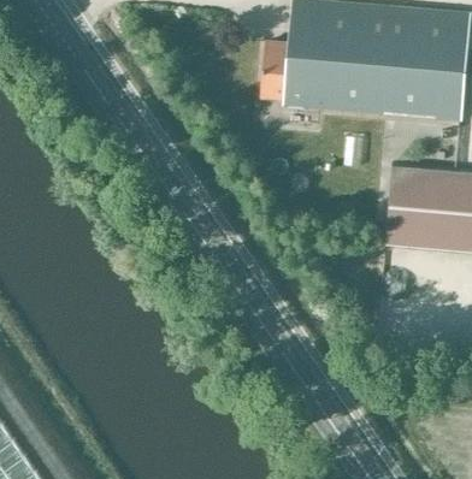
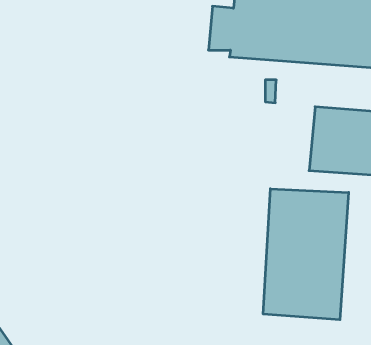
building: none -> [263,189,349,320]

